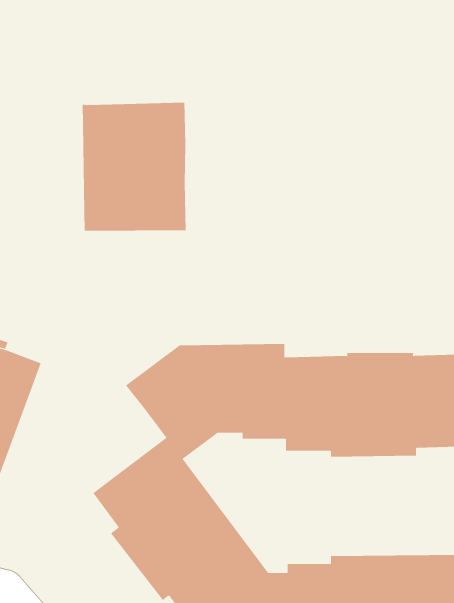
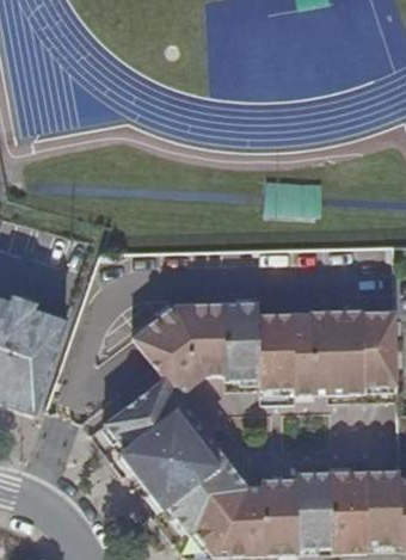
building: [82,102,186,232] -> none

